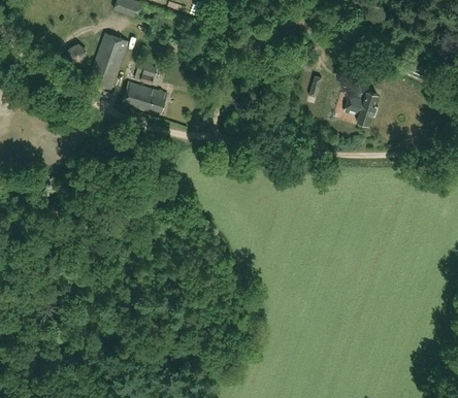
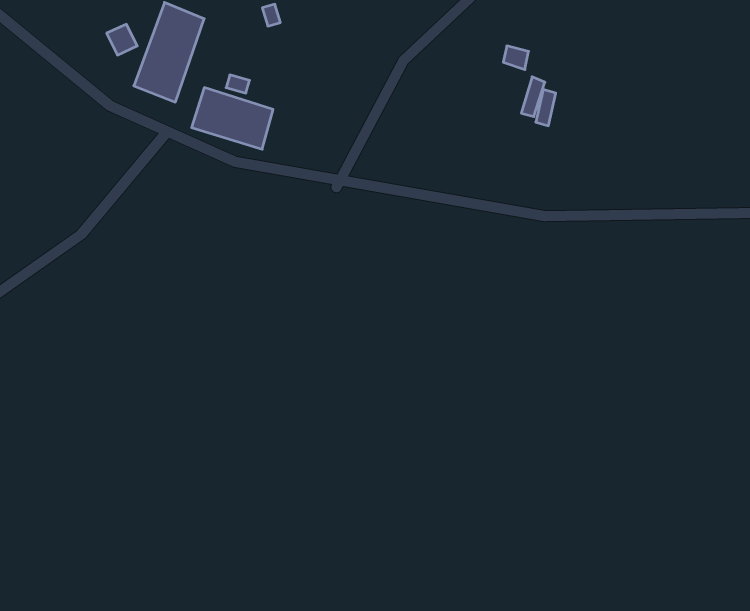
building: [343,85,378,124] -> none

